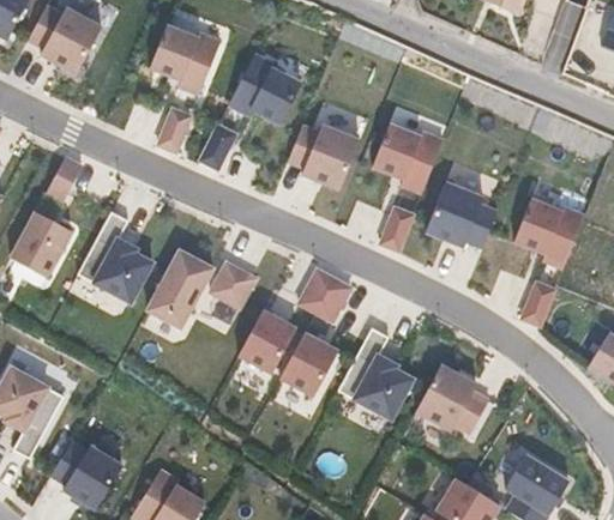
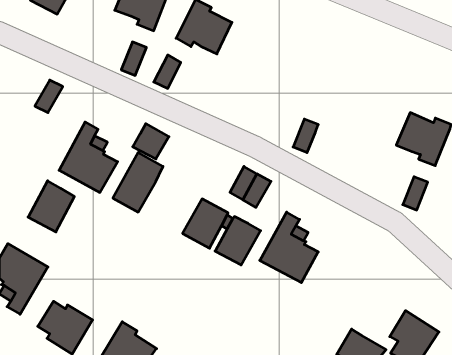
building: [372,123,443,192] -> none
building: [288,125,357,189] -> none
building: [426,182,496,247] -> none
building: [11,211,71,277] -> [28,181,74,232]
building: [210,261,257,307] -> [133,124,169,159]
building: [415,364,489,433] -> none

